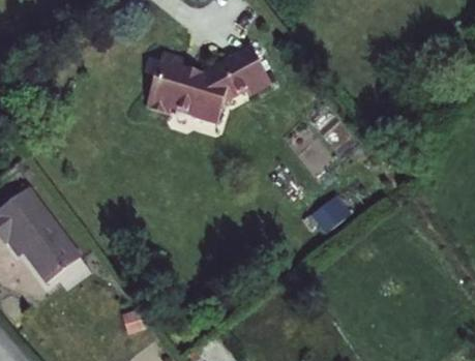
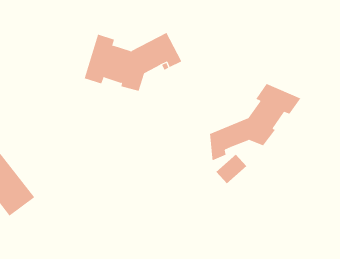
building: none -> [209,83,301,161]

